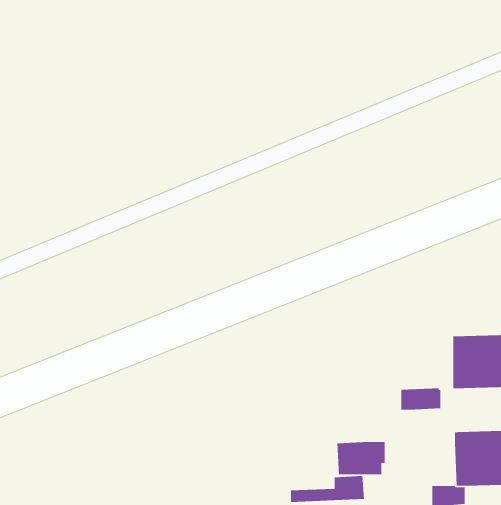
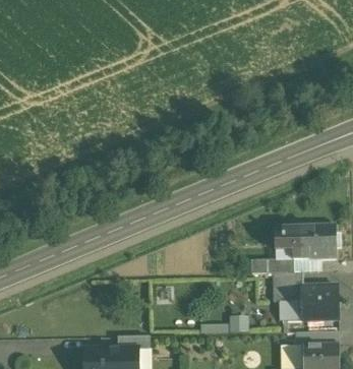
building: none -> [274,226,299,259]
building: [337,441,385,475] -> [272,271,302,293]

